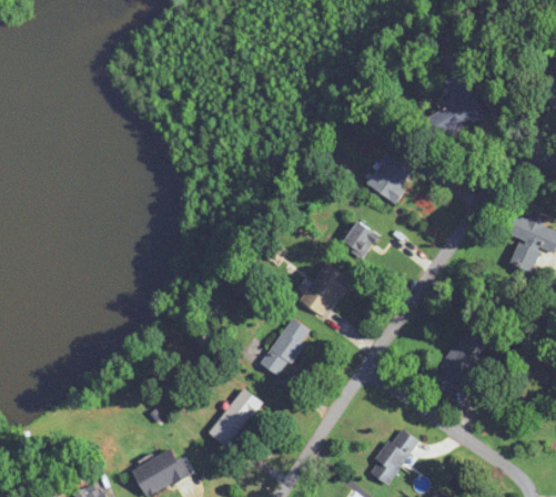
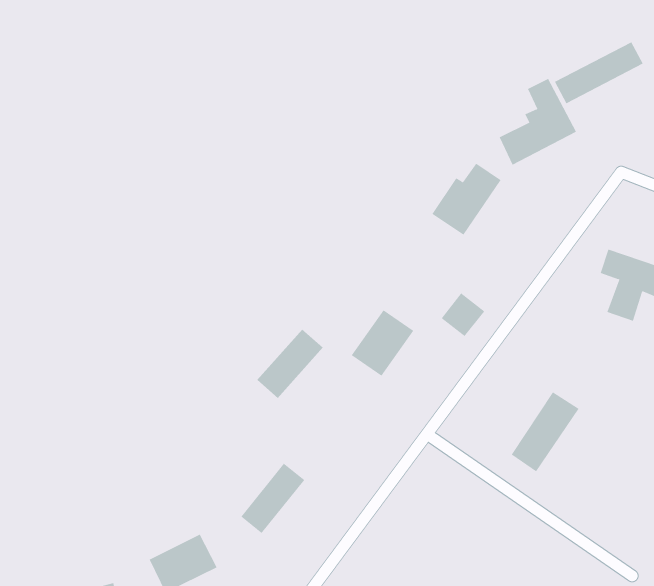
building: none -> [554,41,644,104]
building: [342,221,378,257] -> [441,293,485,337]
building: [257,318,313,376] -> [256,329,324,399]
building: [368,427,417,484] -> none

